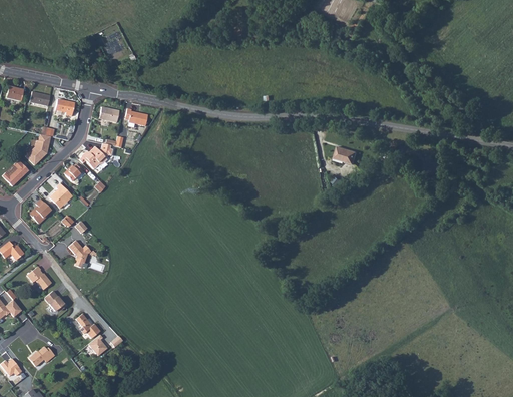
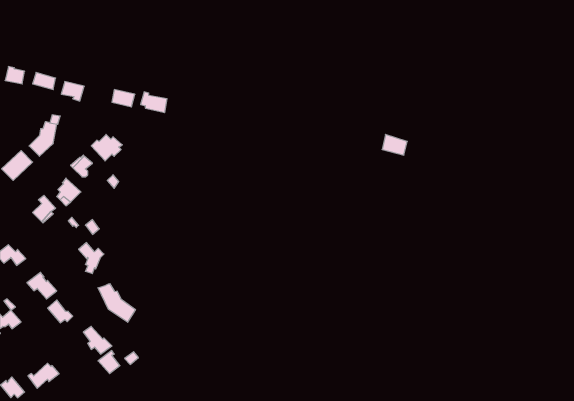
building: none -> [98,284,135,322]

